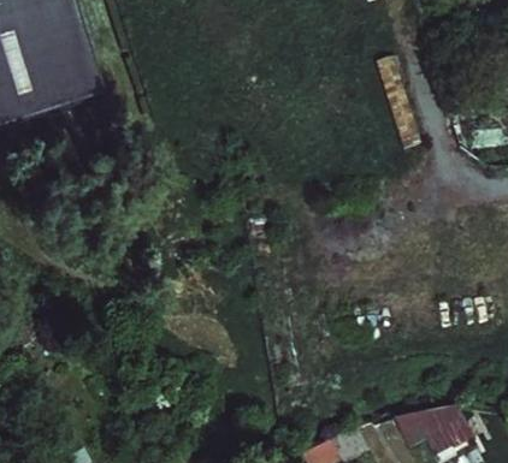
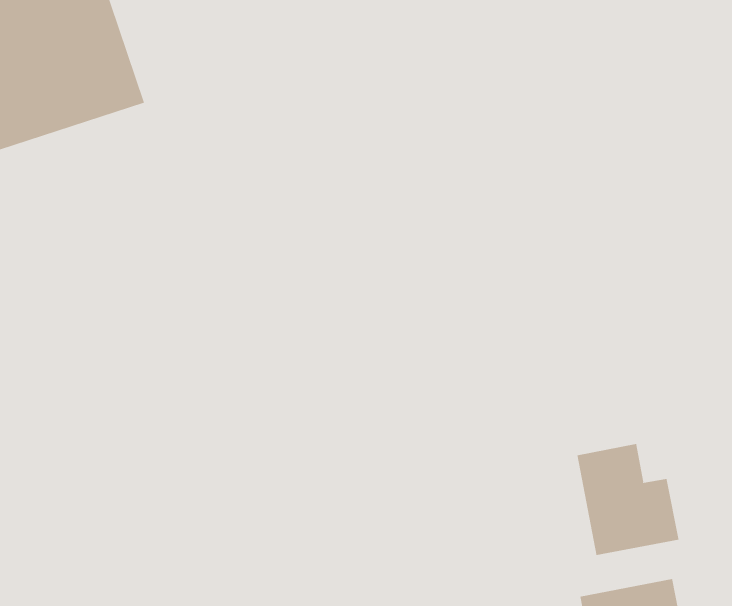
building: none -> [577,443,679,556]

